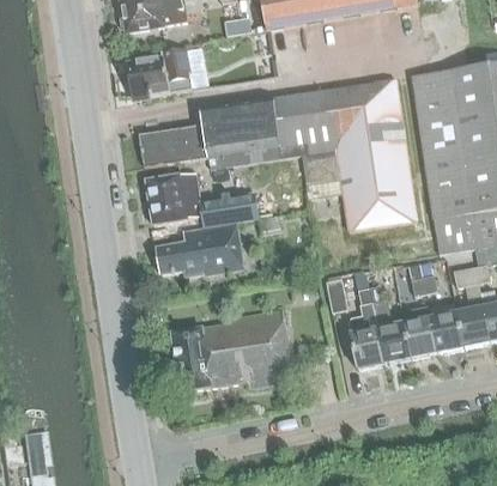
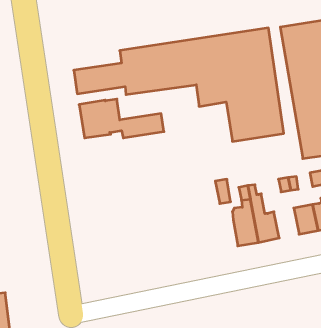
building: [127,48,189,99] -> none
building: [156,224,242,274] -> none
building: [401,305,437,357] -> none
building: [170,309,291,390] -> none

